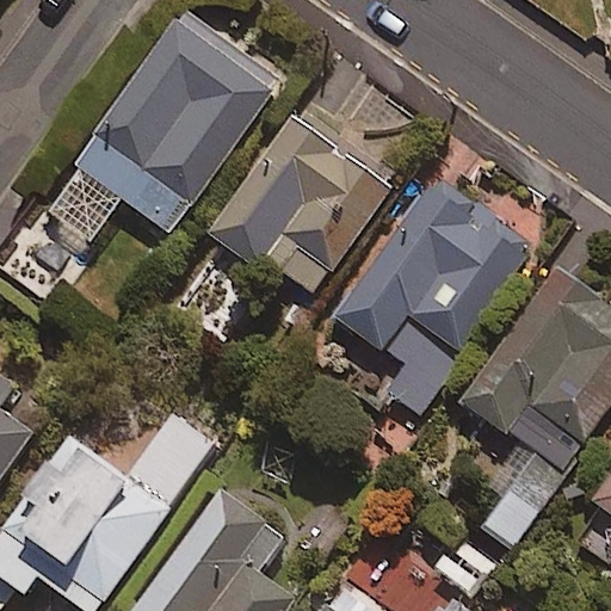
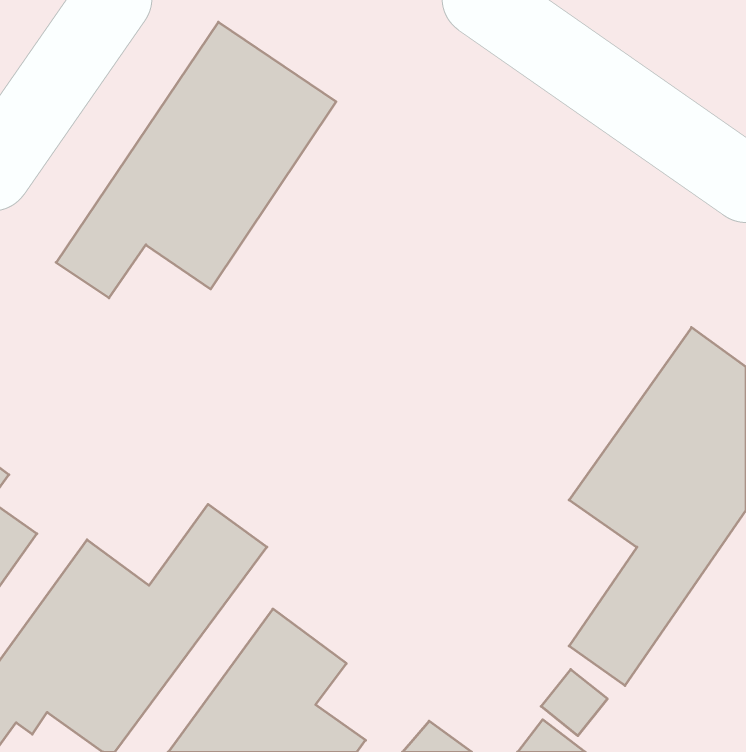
building: [209,118,390,303] -> none
building: [334,175,541,418] -> none

